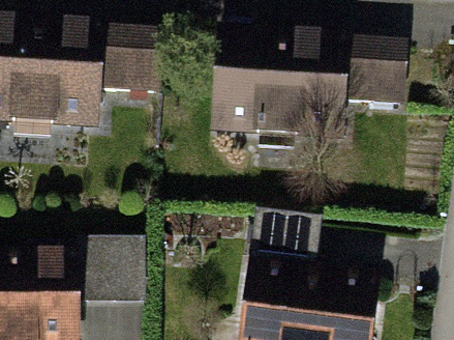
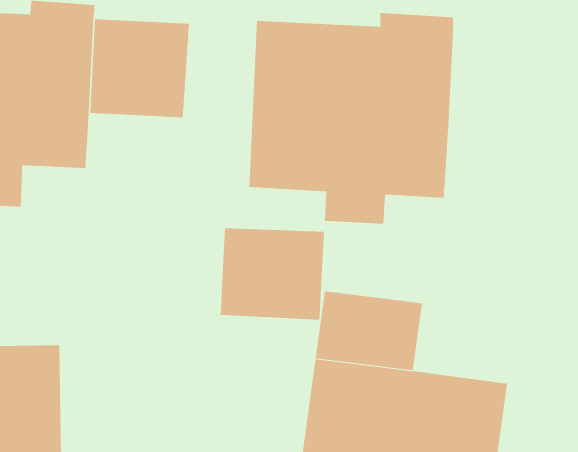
building: [341,33,407,100] -> none
building: none -> [220,228,324,321]
building: [81,243,146,307] -> none

